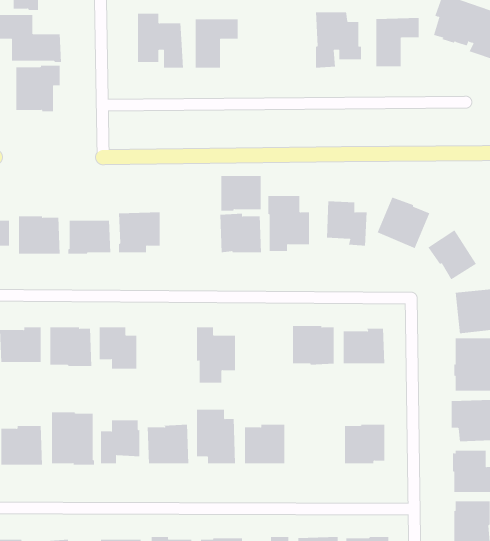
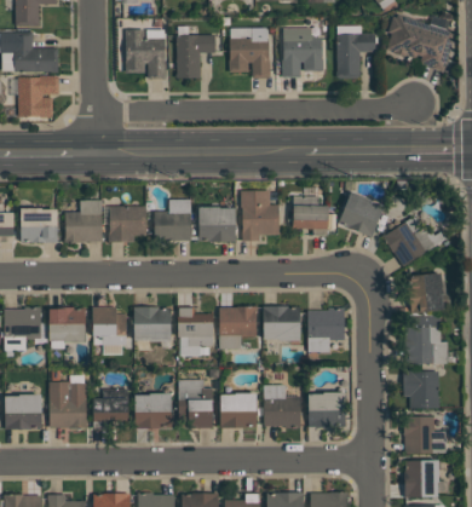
building: none -> [229,38,270,77]
building: [221,176,262,211] -> [155,211,191,242]
building: none -> [134,306,171,341]
building: none -> [219,306,258,336]
building: none -> [264,396,300,428]

